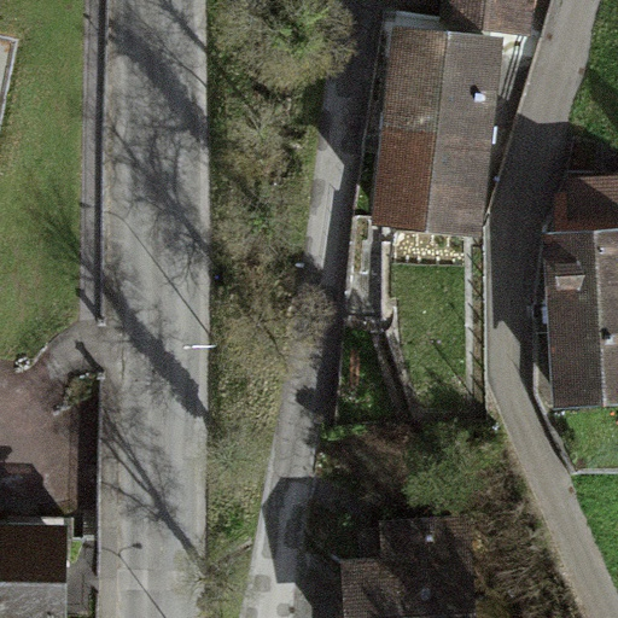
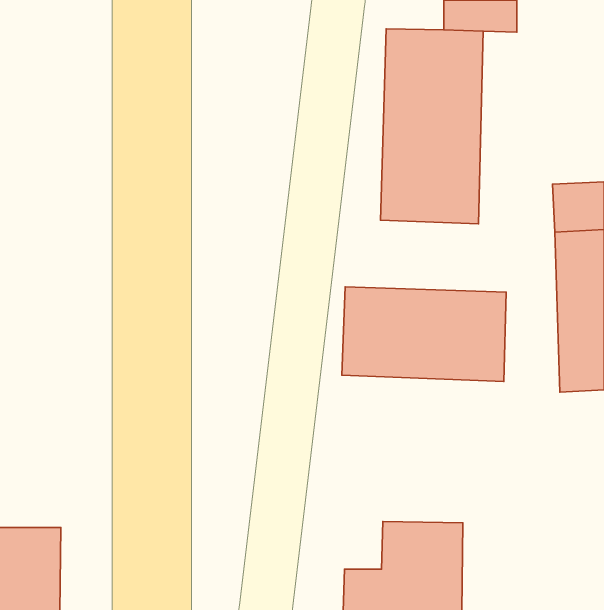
building: none -> [342,287,506,381]

